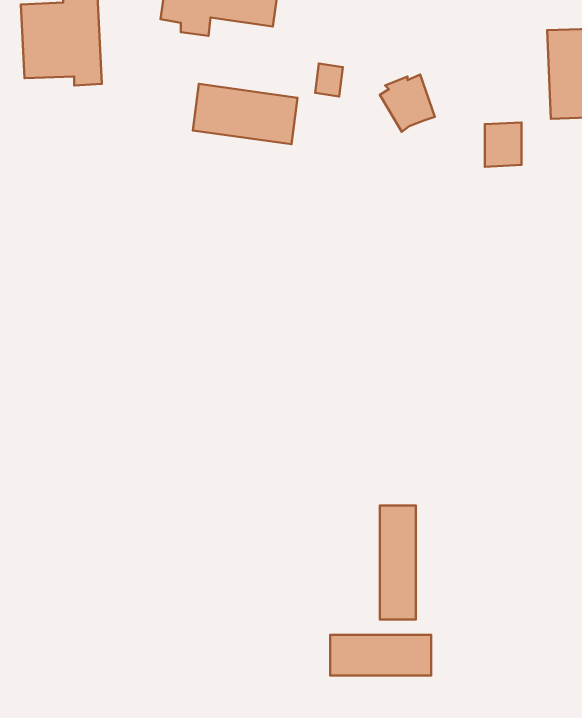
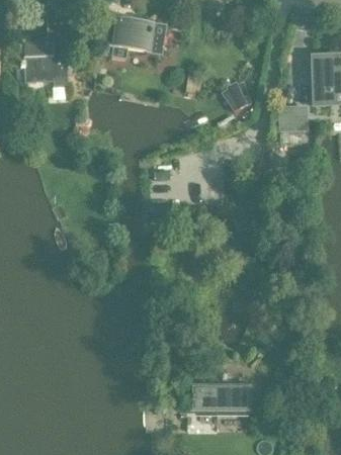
building: [193,84,297,144] -> none
building: [380,506,416,620] -> none

